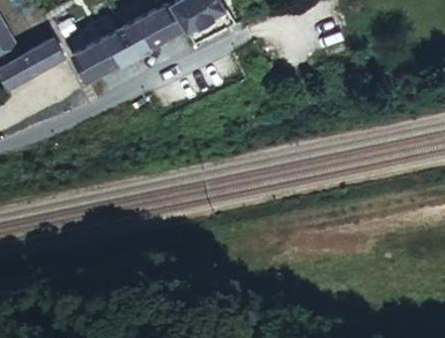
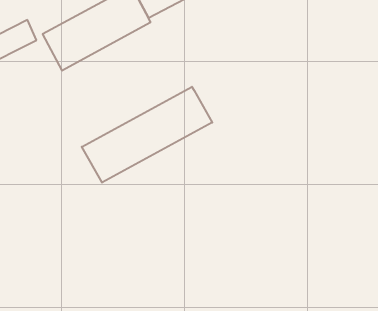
building: none -> [82,87,212,183]

